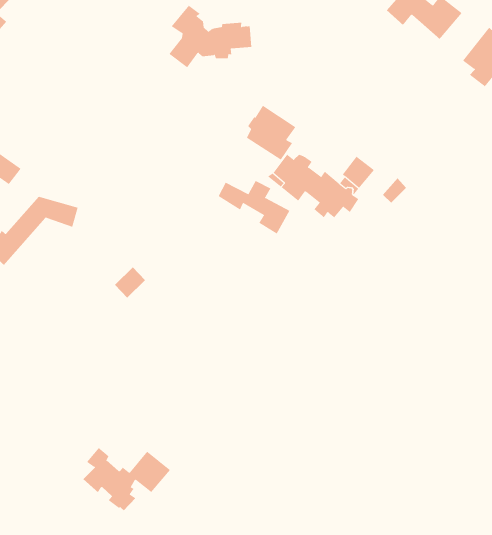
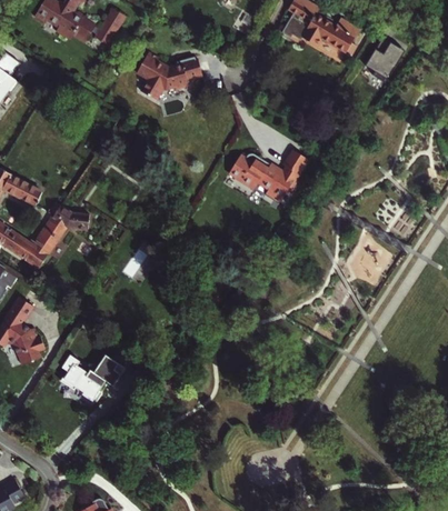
building: [246,105,296,161] -> none
building: [218,180,290,235] -> none
building: [82,447,171,511] -> [59,353,125,401]

